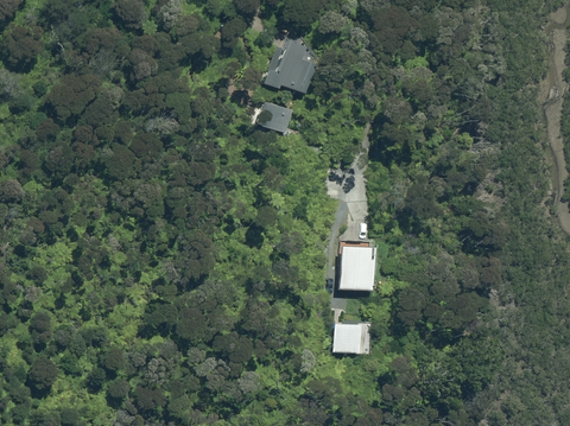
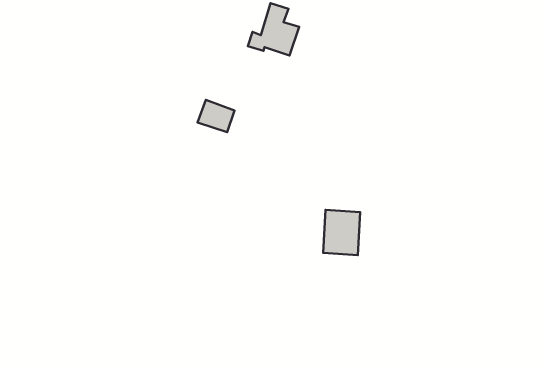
building: [253,100,290,132] -> [197,100,234,132]
building: [331,324,359,354] -> none

